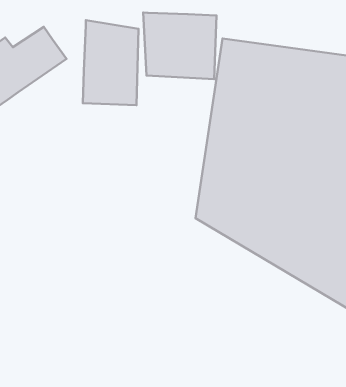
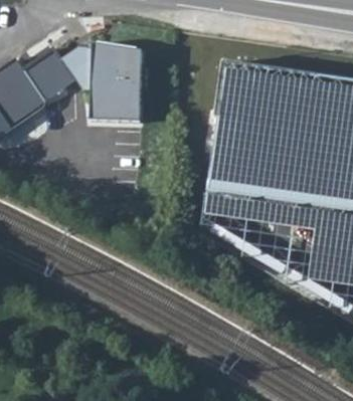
building: [143,13,217,79] -> none
building: none -> [64,48,96,90]

